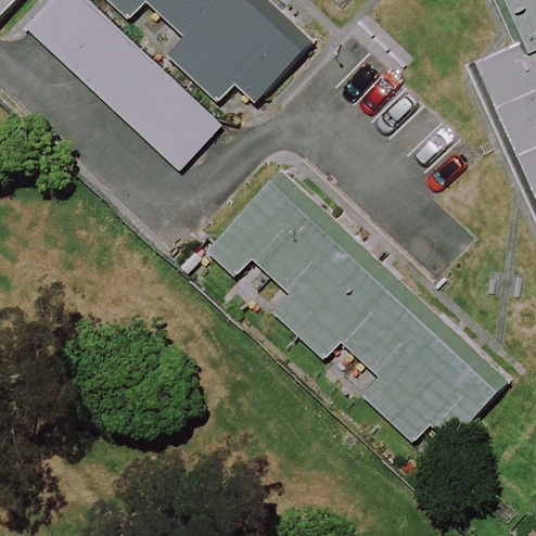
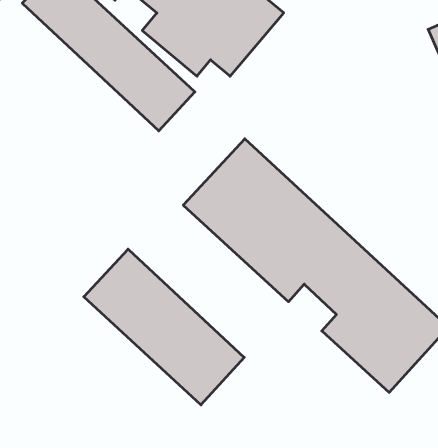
building: none -> [84,249,244,405]

